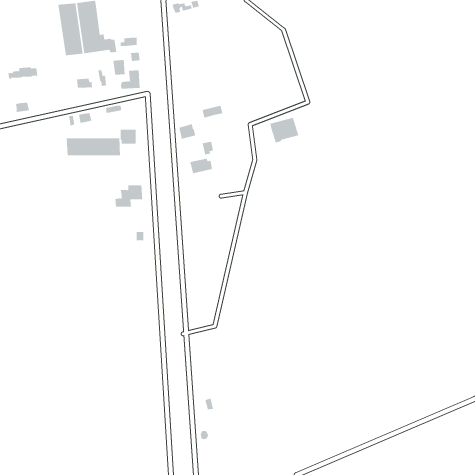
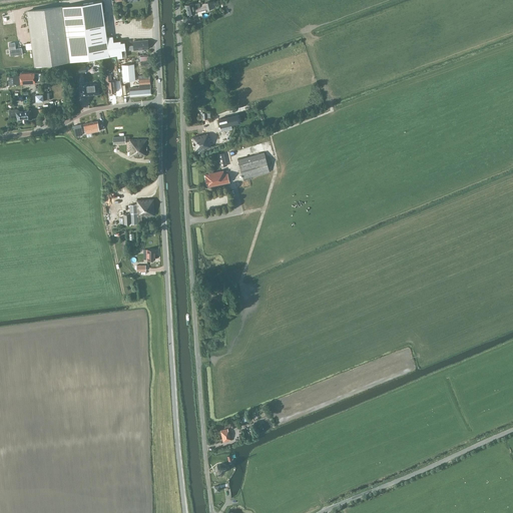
building: none -> [27,5,70,65]
building: [269,117,299,143] -> [237,152,270,180]
building: [66,138,121,156] -> none

